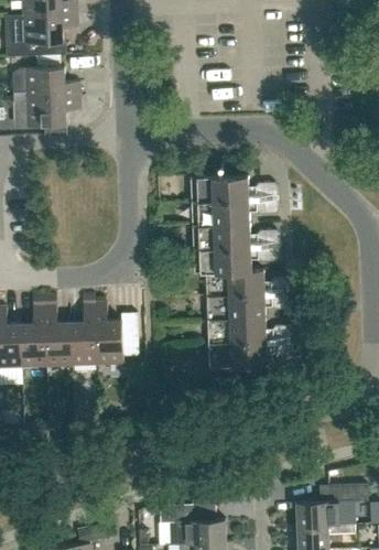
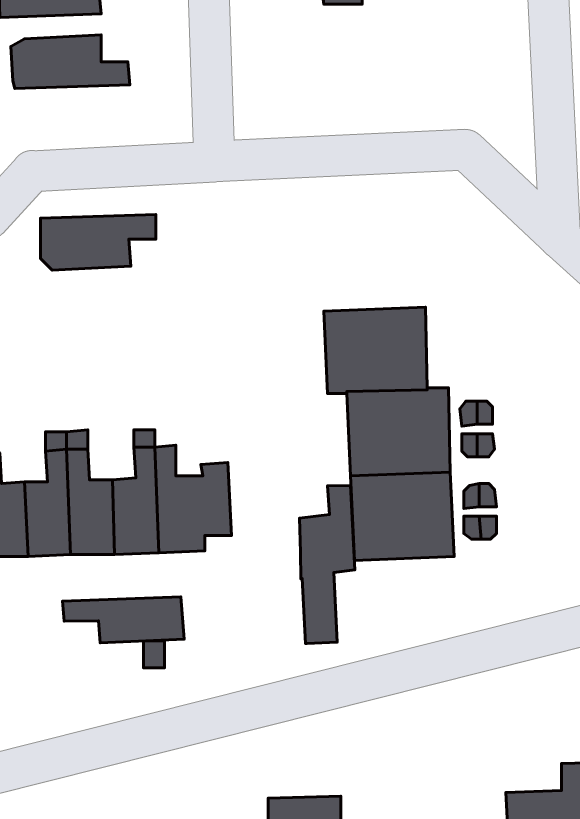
building: [14,96,80,128] -> [41,214,156,270]
building: [191,175,250,226] -> none
building: none -> [299,486,355,644]
building: none -> [63,597,184,643]

